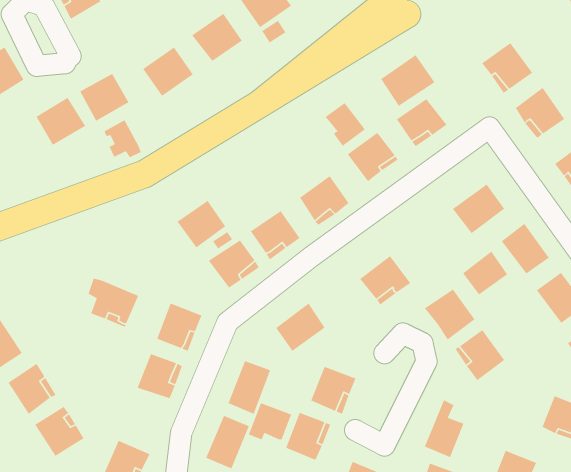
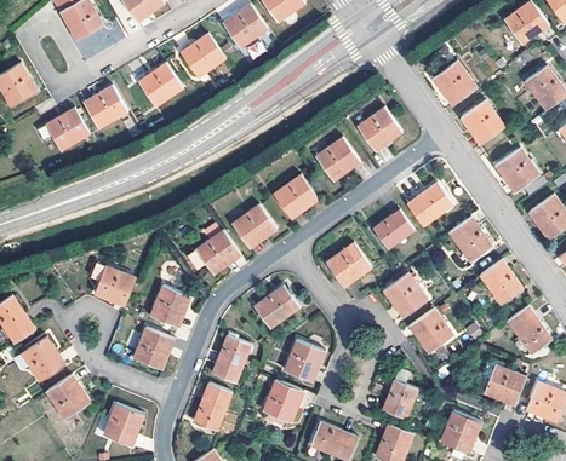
building: [380,54,436,107] -> none
building: [325,102,366,147] -> none
building: [104,119,142,158] -> none
building: [176,200,226,248] -> none
building: [462,251,508,295] -> [373,211,413,249]
building: [248,402,292,440] -> none

